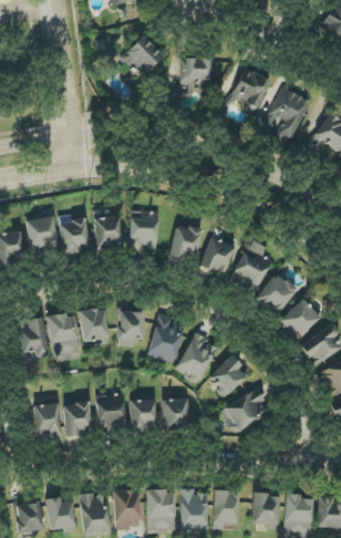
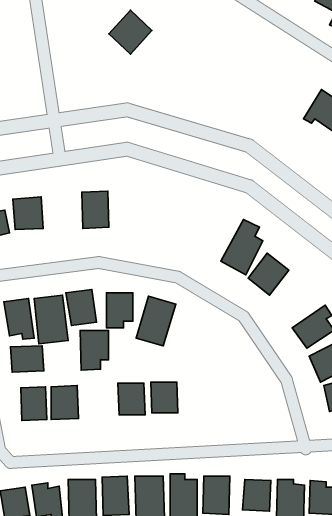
building: [178,58,210,94] -> none
building: [230,69,268,111] -> none
building: [260,86,309,143] -> none
building: [128,210,157,250] -> none
building: [60,217,86,254] -> none
building: [167,224,202,261] -> none
building: [199,237,234,275] -> none
building: [279,299,319,339] -> none
building: [175,333,217,383] -> none
building: [207,355,245,396] -> none
building: none -> [10,346,44,372]
building: [219,389,269,431] -> none
building: [95,394,123,433] -> [80,331,108,370]

